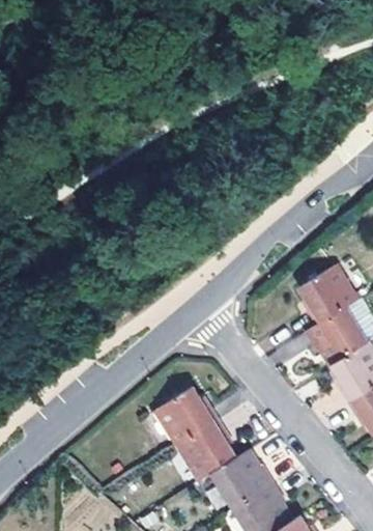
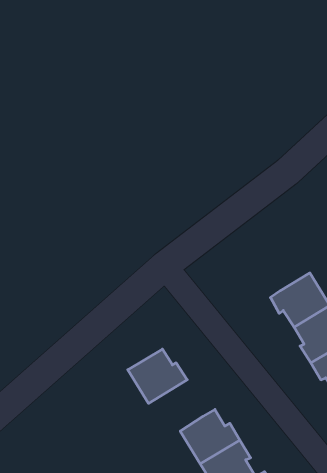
building: [298,264,357,327] -> none
building: [178,420,235,481] -> none

